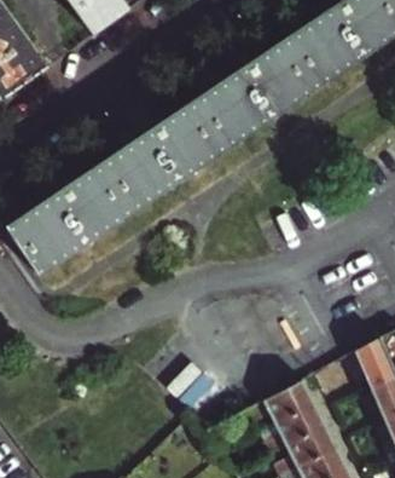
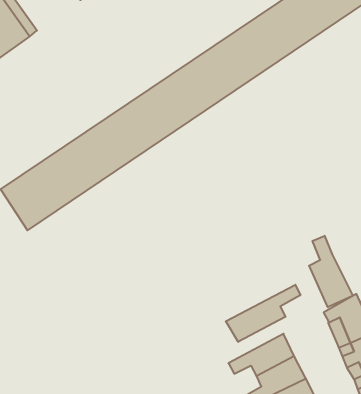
building: none -> [309,236,353,307]
building: none -> [226,285,300,342]

